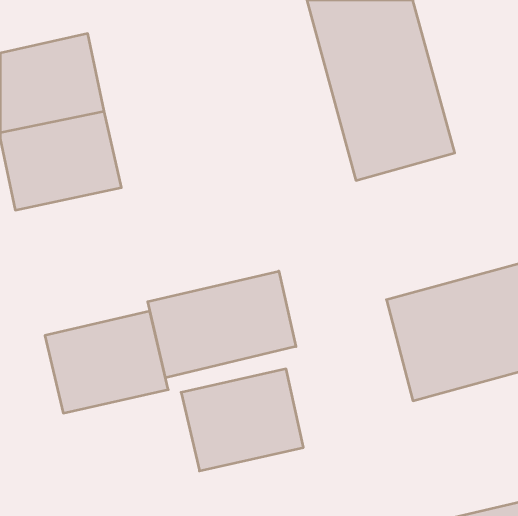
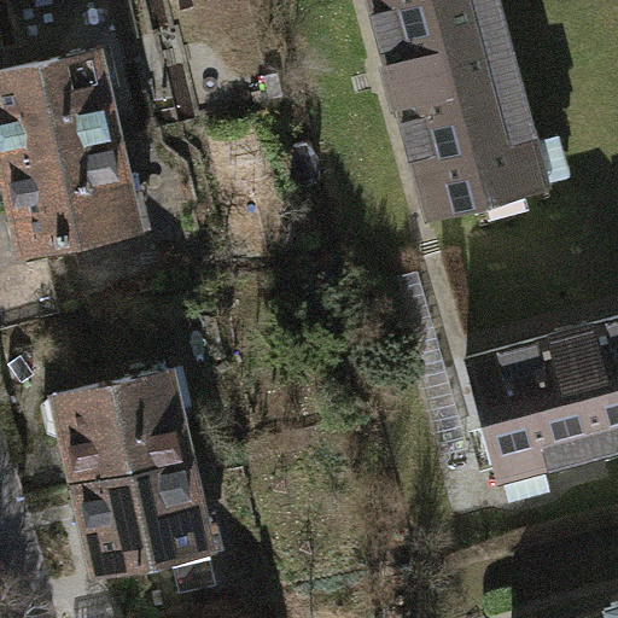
building: [148,271,296,378] -> none
building: [181,369,303,471] -> [78,467,223,588]

